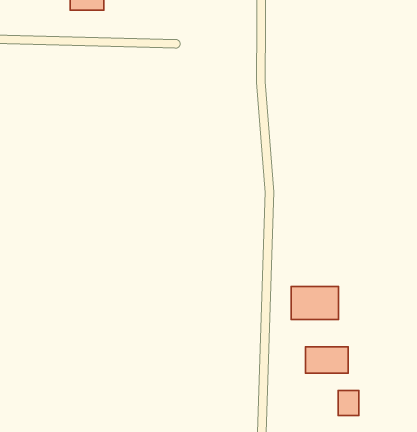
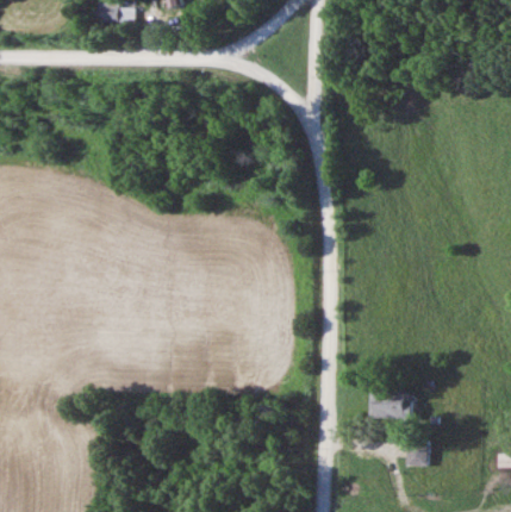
building: [291,286,339,319] -> none

